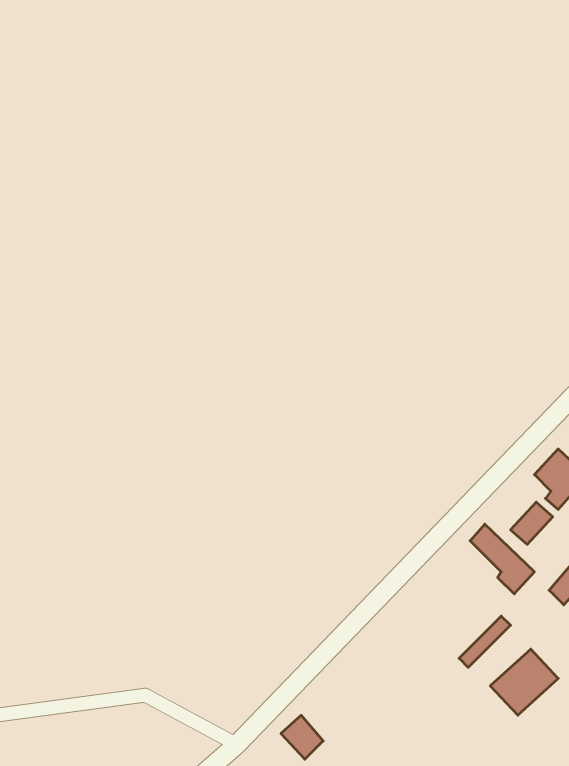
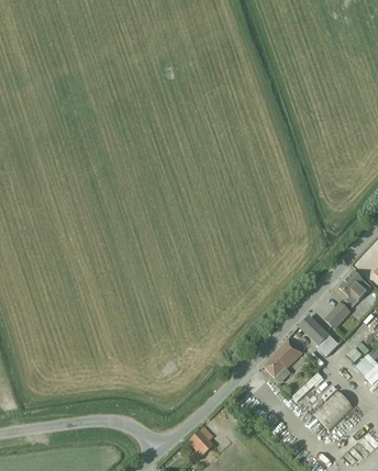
building: none -> [264,339,302,379]

